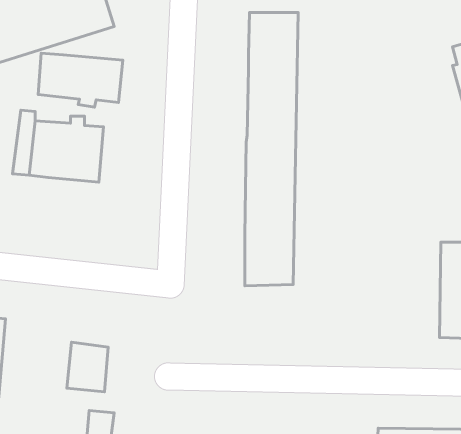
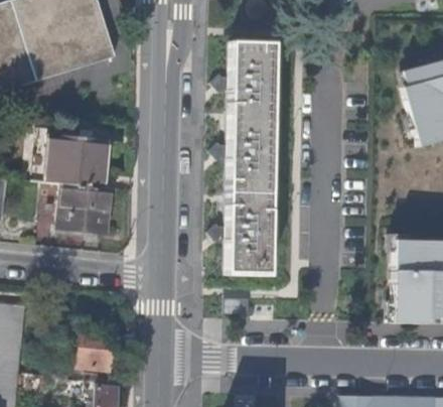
building: [38,53,123,107] -> none
building: none -> [57,184,108,233]

